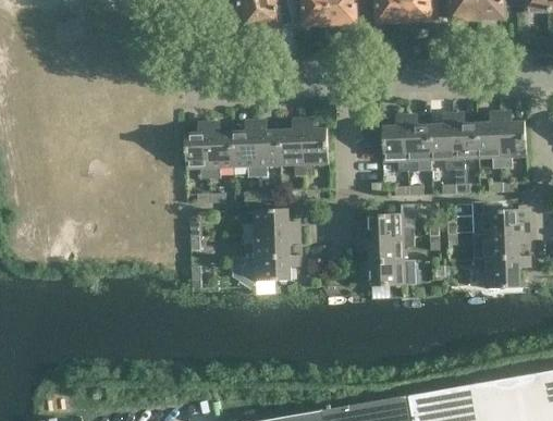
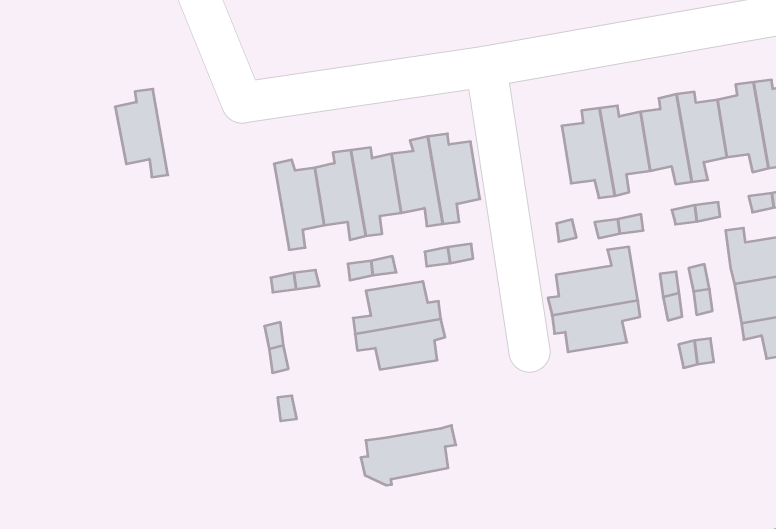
building: [184,126,210,178] -> [115,89,168,177]
building: [239,255,297,285] -> [361,425,456,485]
building: [361,259,416,286] -> none

